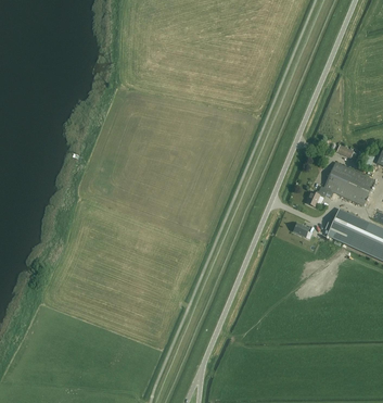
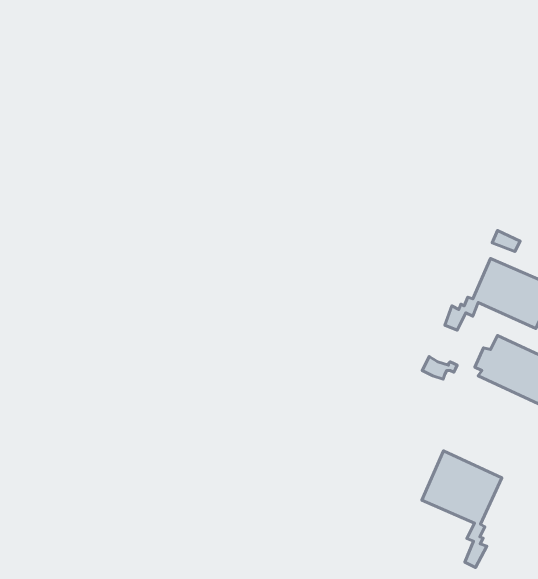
building: none -> [422,451,502,567]

